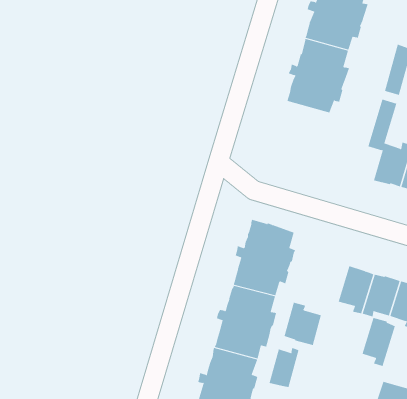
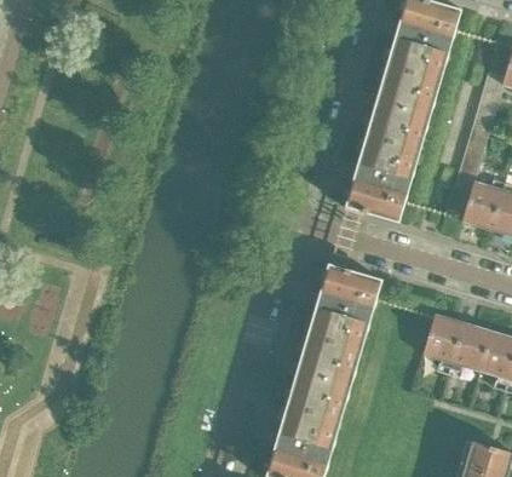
building: none -> [344,134,414,220]
building: [284,302,321,346] -> none
building: [362,317,396,367] -> none
building: [269,347,299,388] -> none

